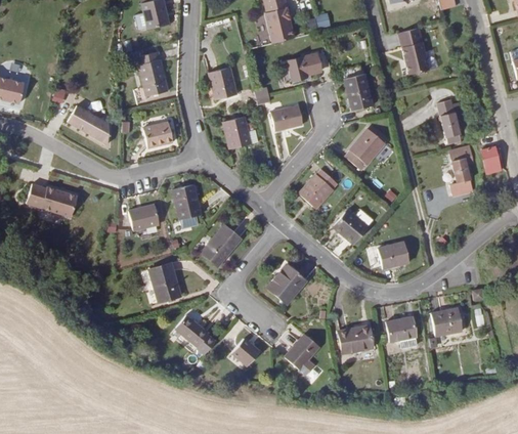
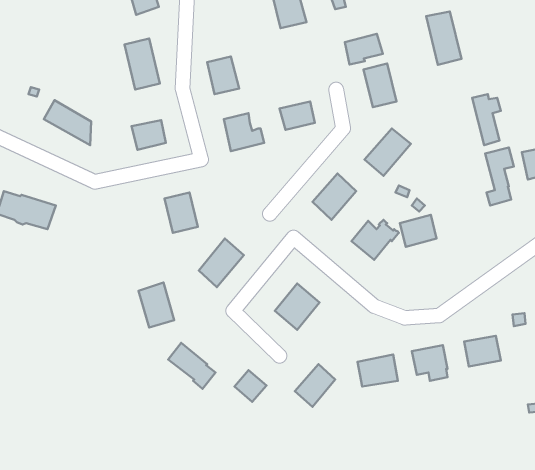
building: [289,53,321,80] -> [345,34,383,65]
building: [129,204,160,230] -> none
building: [378,241,409,268] -> [400,215,437,247]

